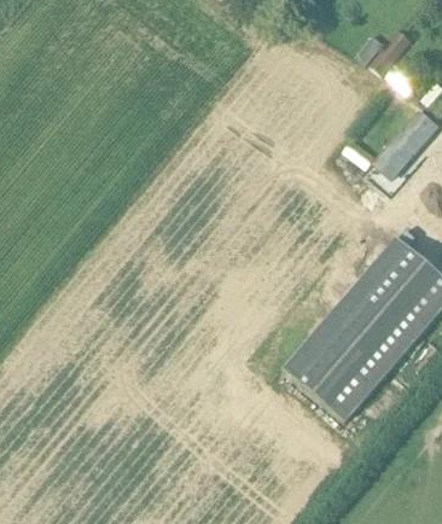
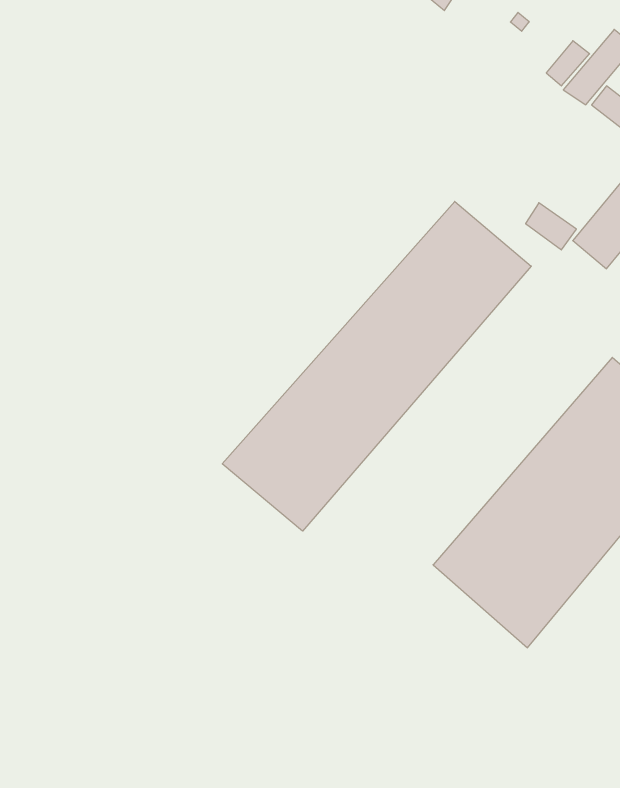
building: none -> [222,201,531,531]

